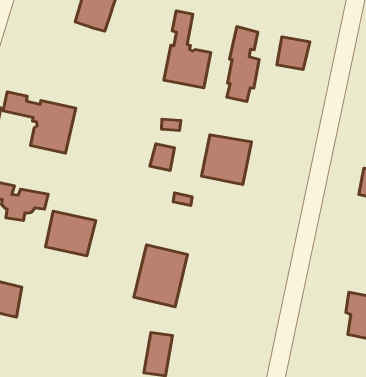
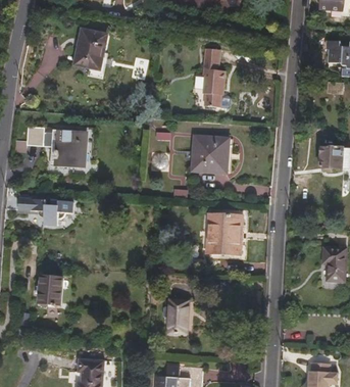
building: [164,11,211,88] -> none
building: [277,37,310,70] -> none
building: [45,211,96,256] -> none
building: [134,245,188,307] -> [206,212,244,258]

